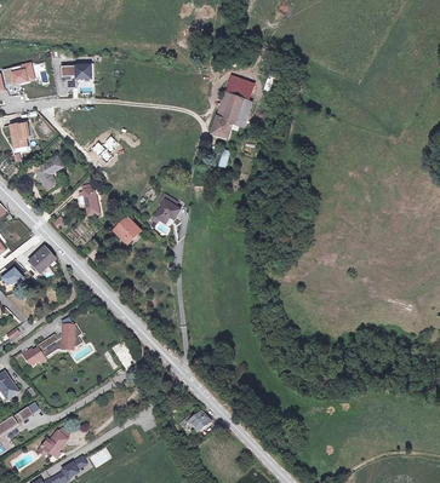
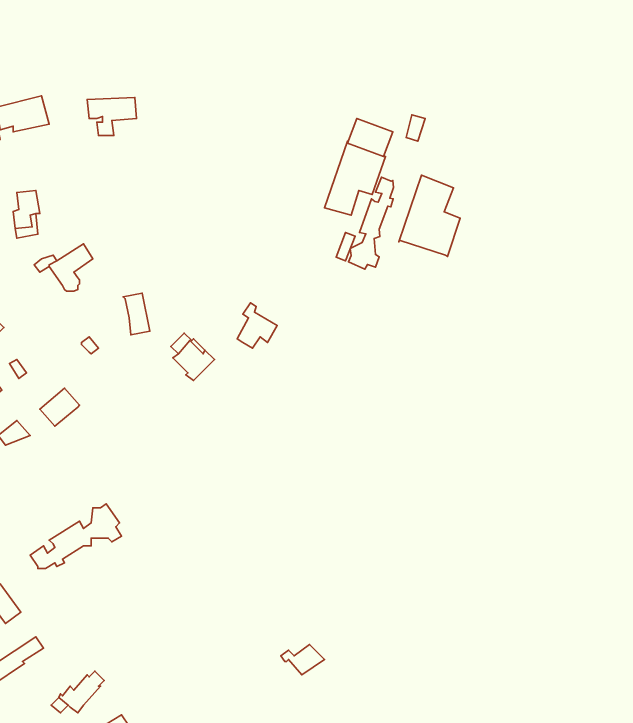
building: none -> [399,175,460,256]
building: none -> [349,177,394,269]

